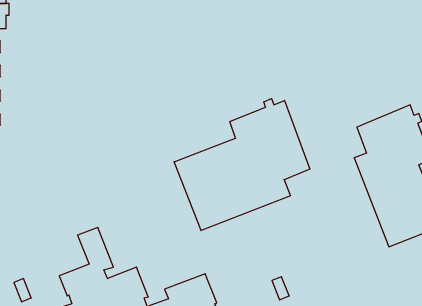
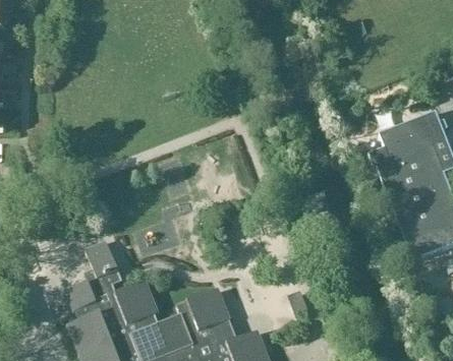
building: [174,99,310,231] -> none

